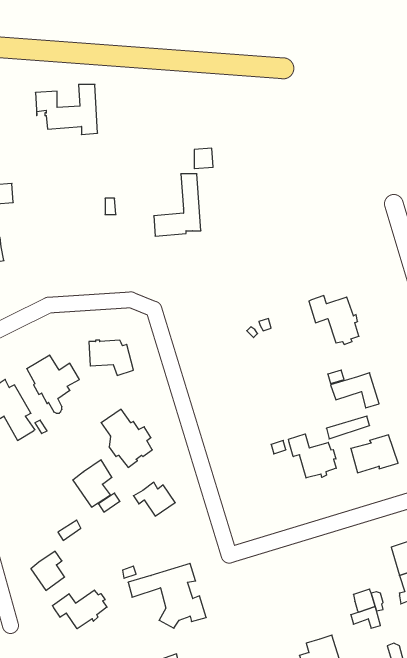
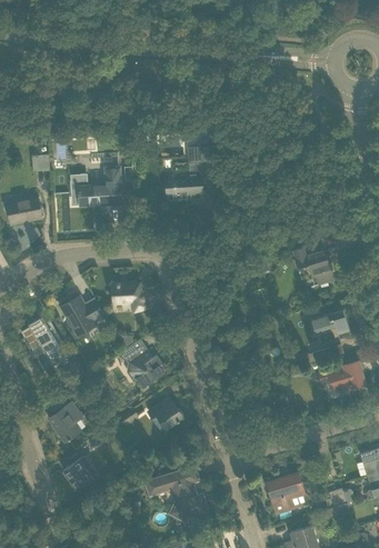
building: [35,84,98,135] -> [70,168,121,209]
building: [289,434,336,478] -> none
building: [73,460,112,507] -> [49,402,81,441]
building: none -> [269,472,306,512]
building: [52,590,107,629] -> none

